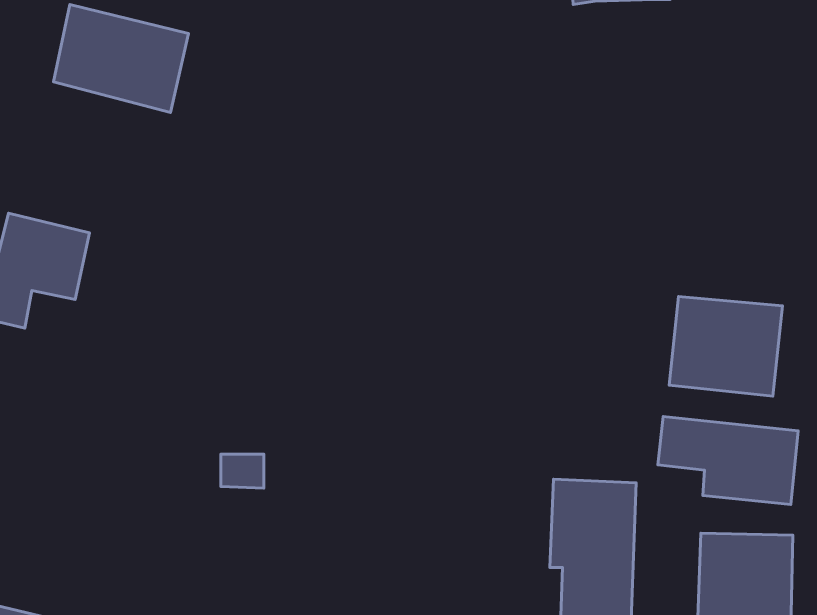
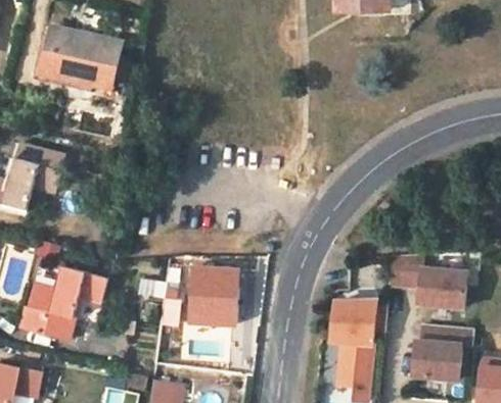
building: [669,297,783,396] -> none
building: none -> [186,264,237,326]
building: none -> [25,267,107,340]

